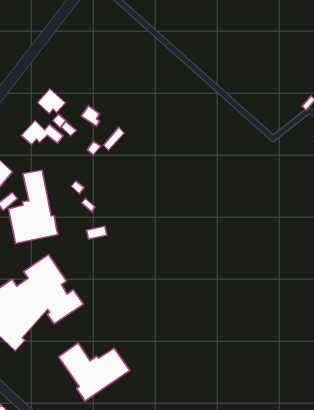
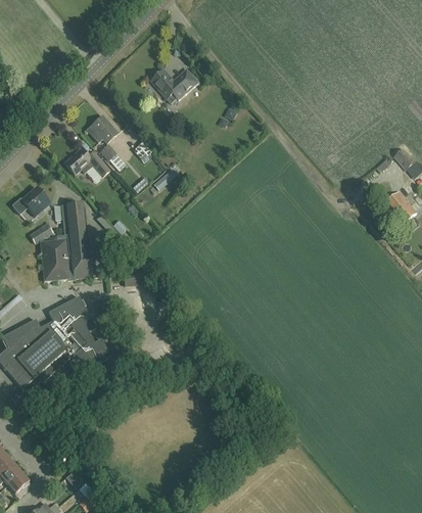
building: none -> [150,67,197,102]
building: [59,343,130,401] -> none

